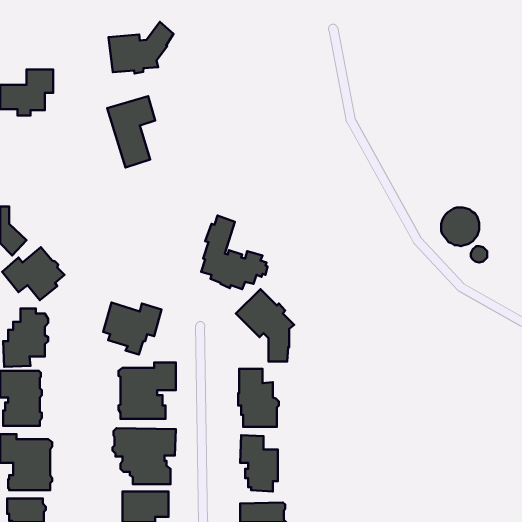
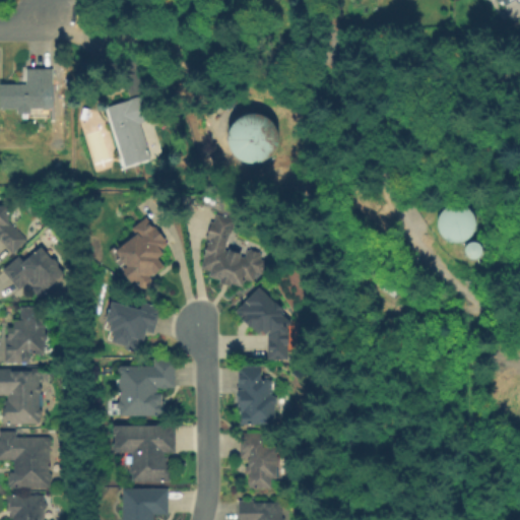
building: [108,22,174,73] -> none
building: none -> [231,115,279,164]
building: none -> [115,217,168,288]

